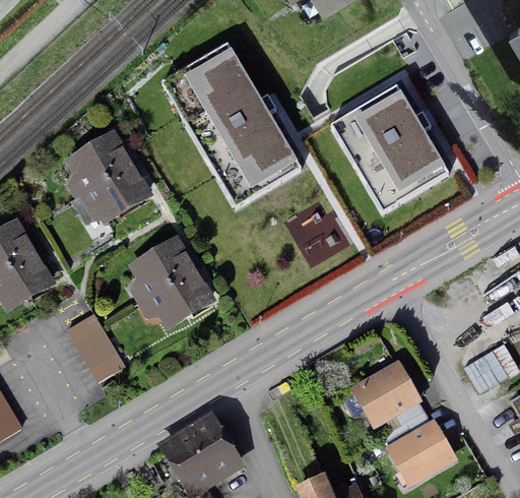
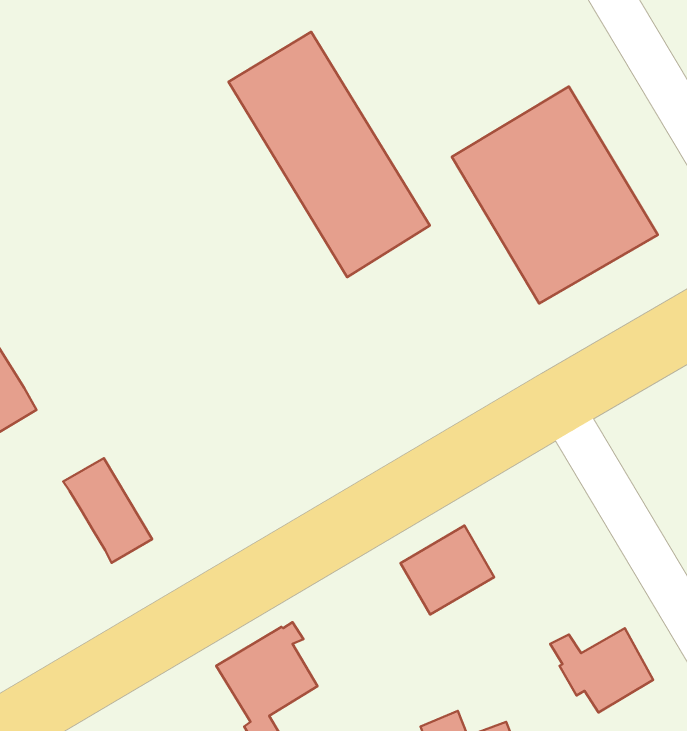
building: [70,137,146,224] -> none
building: [133,243,209,325] -> none
building: [355,367,416,425] -> [400,526,494,615]

